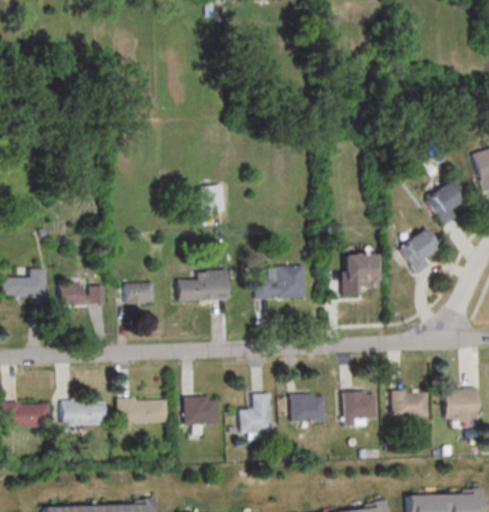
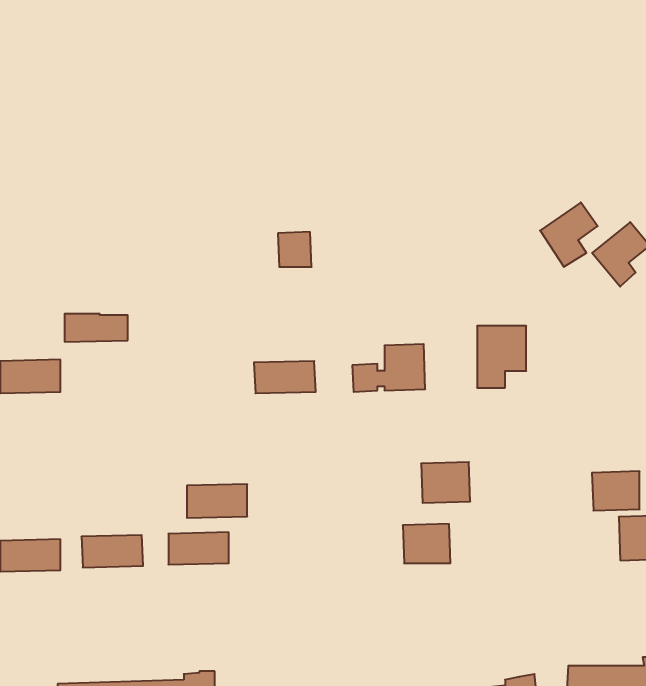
building: [399,227,440,273] -> [540,202,598,267]
building: [127,282,154,303] -> none
building: [61,284,106,304] -> [65,314,128,342]
building: [342,390,377,419] -> [421,462,470,503]
building: [391,390,425,418] -> [592,471,640,511]
building: [239,393,270,433] -> none
building: [184,401,227,425] -> [187,484,247,518]

